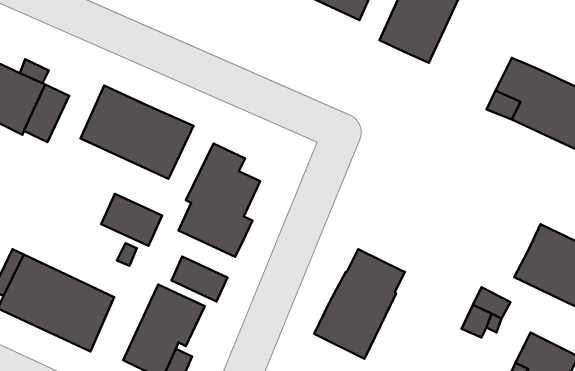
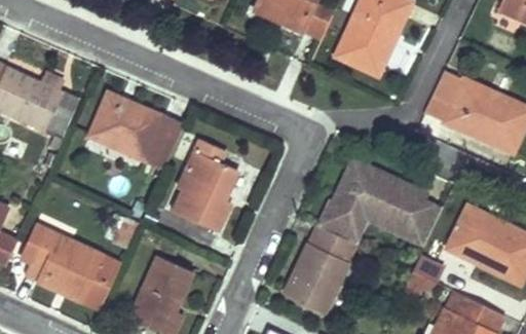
building: none -> [318,159,436,246]
building: [101,194,162,246] -> none
building: [171,256,227,301] -> none

